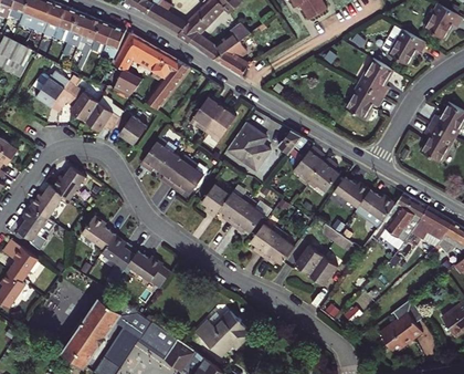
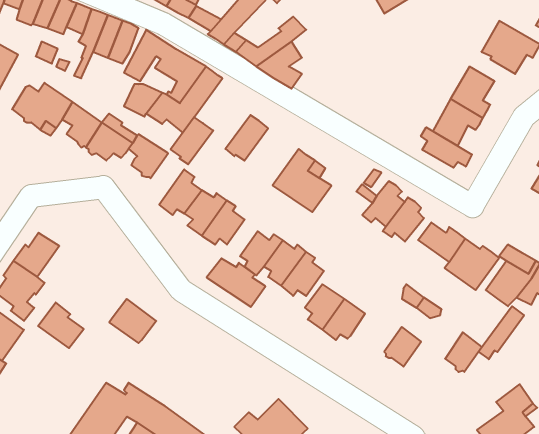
building: none -> [421,127,472,168]
building: [203,106,235,142] -> [171,117,213,164]
building: [52,166,85,198] -> none
building: [81,215,115,249] -> [38,302,84,348]
building: [294,245,321,274] -> [445,332,482,372]
building: [126,251,170,288] -> [207,258,265,307]

